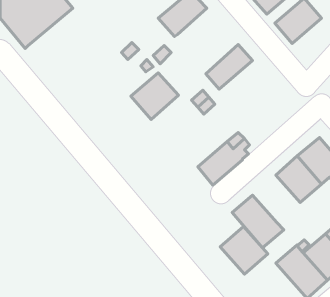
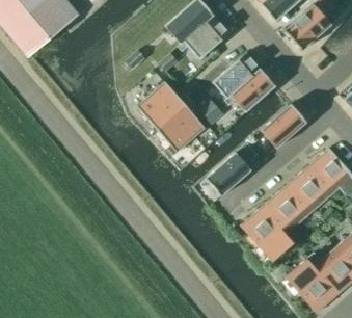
building: none -> [185,15,231,59]
building: none -> [225,69,276,112]
building: none -> [262,103,307,148]
building: none -> [158,104,207,152]
building: [220,227,268,274] -> [262,186,310,235]

